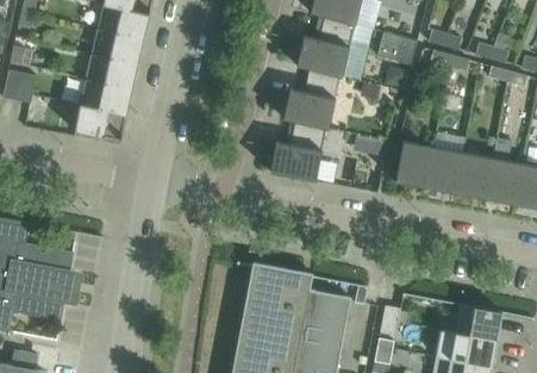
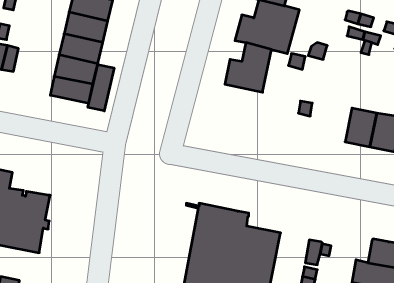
building: [376,32,417,64] -> none
building: none -> [88,64,114,111]
building: [269,120,325,180] -> none
building: [394,141,436,187] -> none

